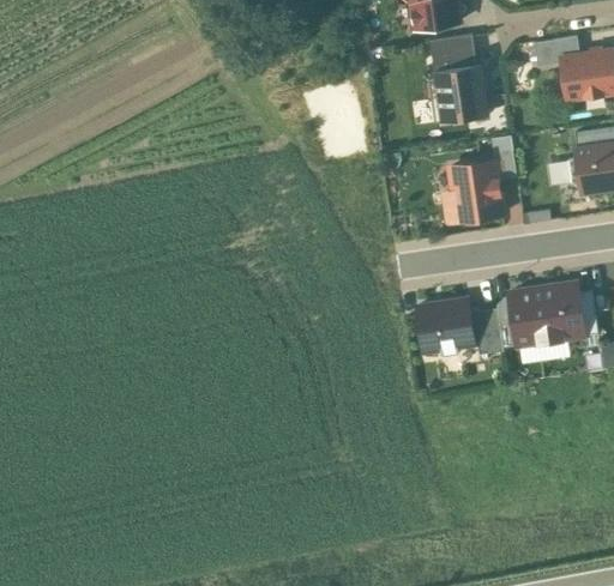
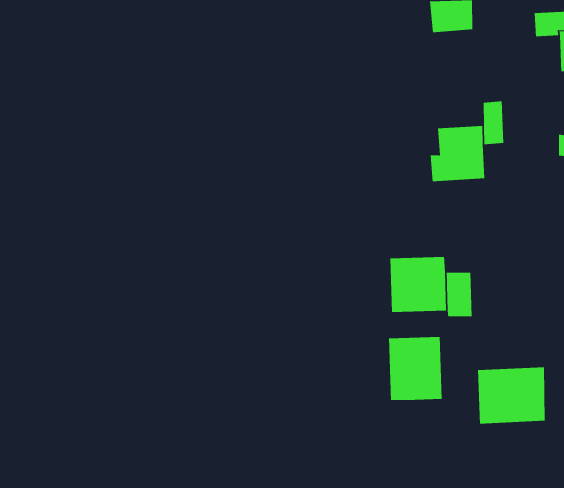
building: [426,66,488,123] -> none
building: [510,280,583,344] -> [477,367,546,424]
building: none -> [388,336,442,401]

